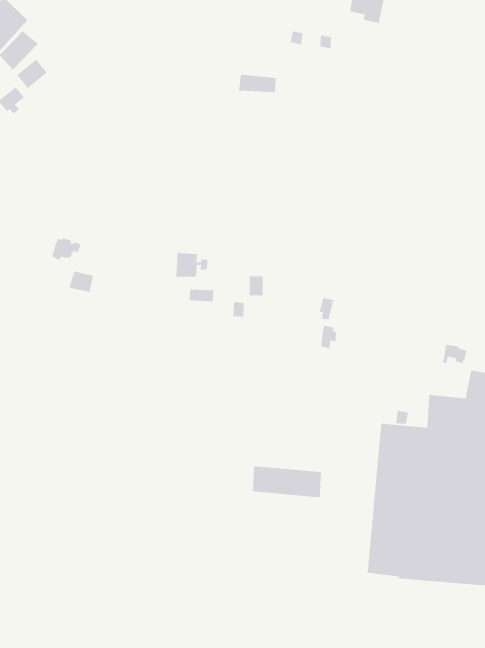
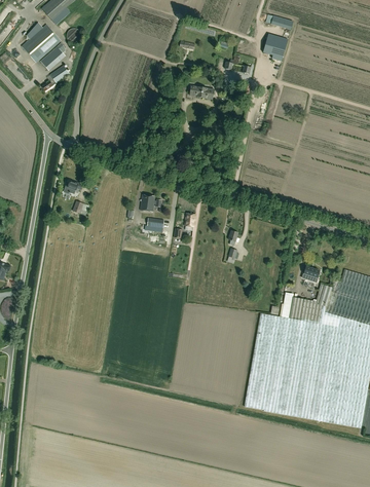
building: [252,465,322,498] -> none

